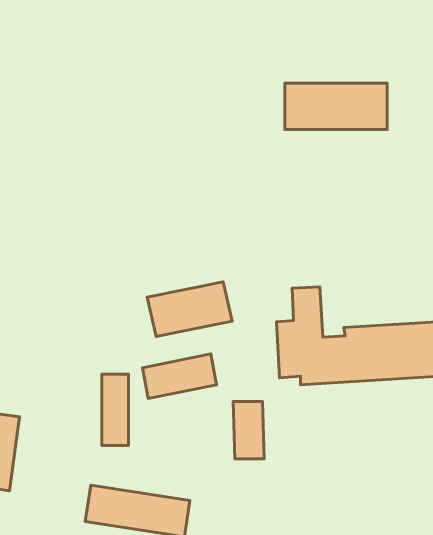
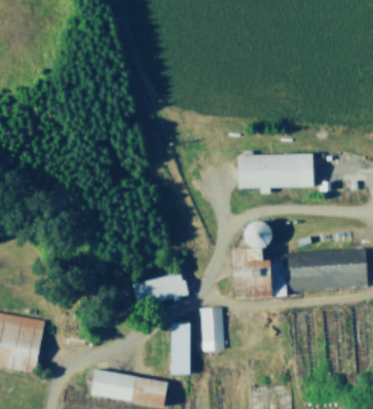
building: [285,83,387,129] -> [238,154,313,188]
building: [147,282,232,337] -> none
building: [102,374,128,446] -> [171,322,190,374]

